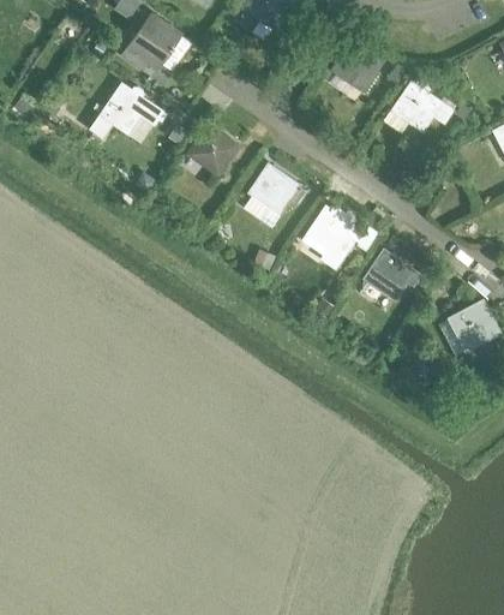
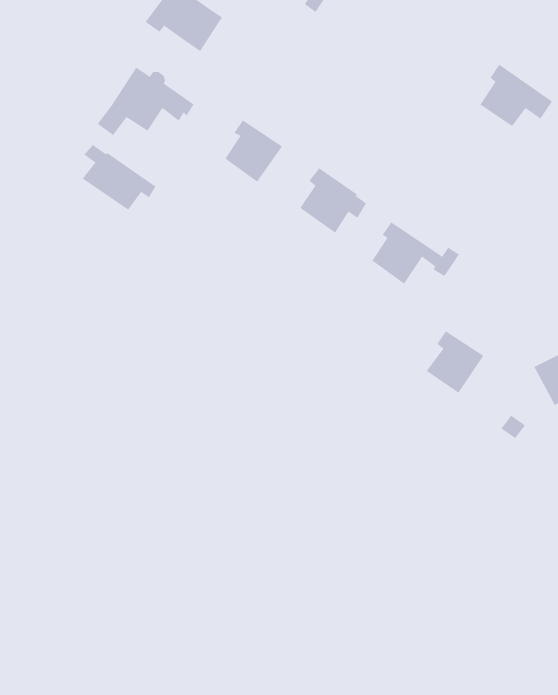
building: [335,40,382,90] -> none
building: none -> [82,144,156,210]
building: [366,249,413,299] -> [426,330,484,393]

